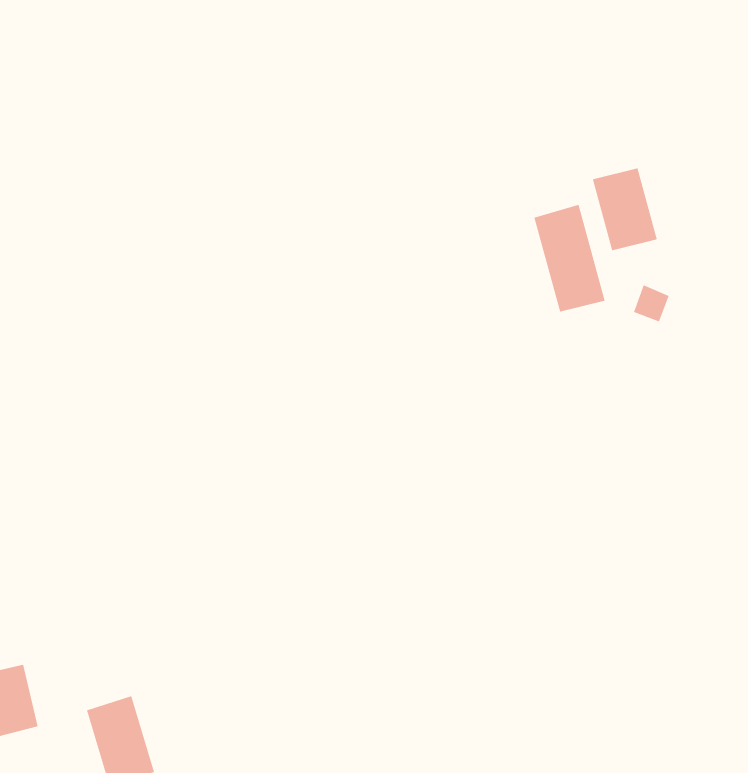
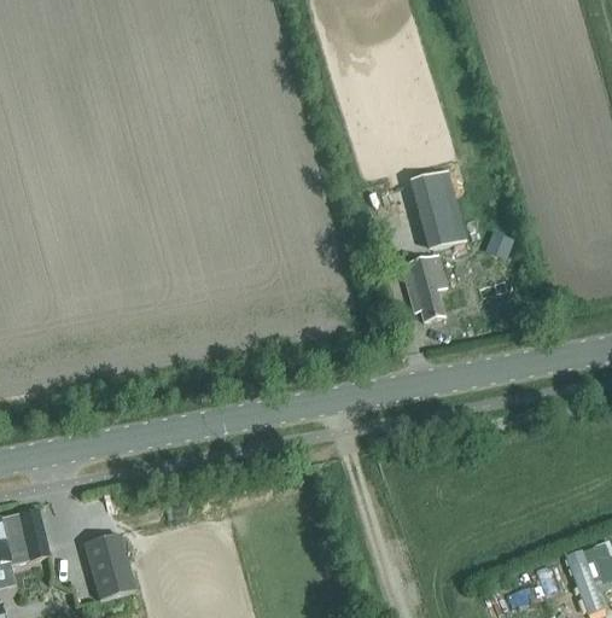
building: [592,167,657,251] -> none
building: none -> [401,253,444,320]

